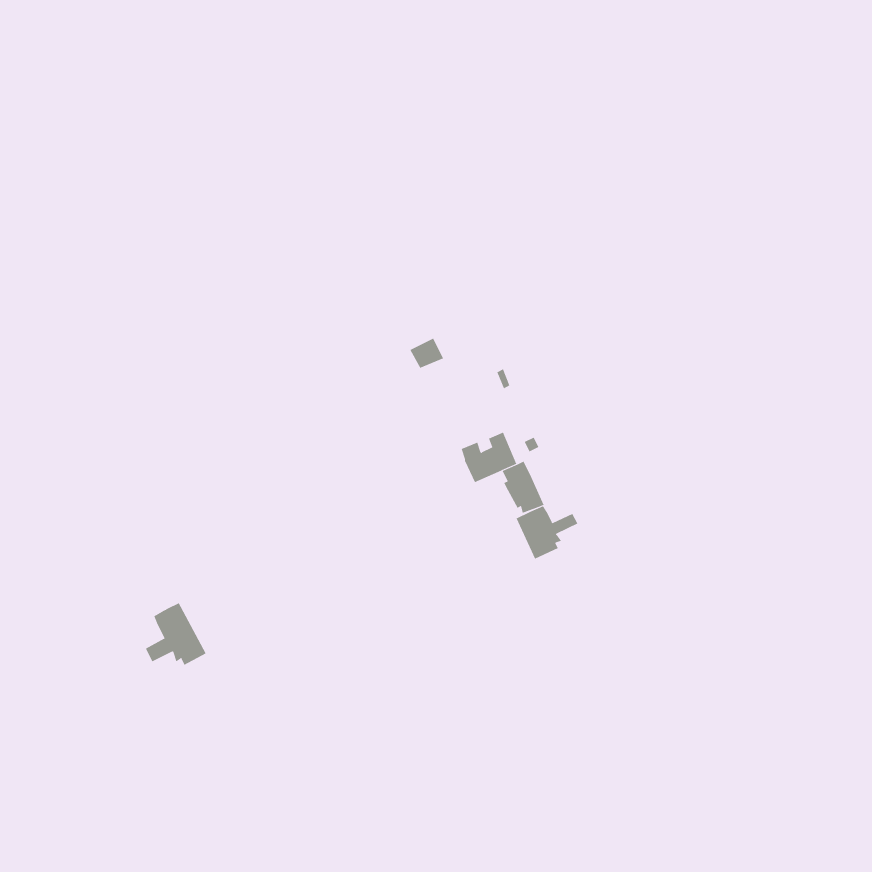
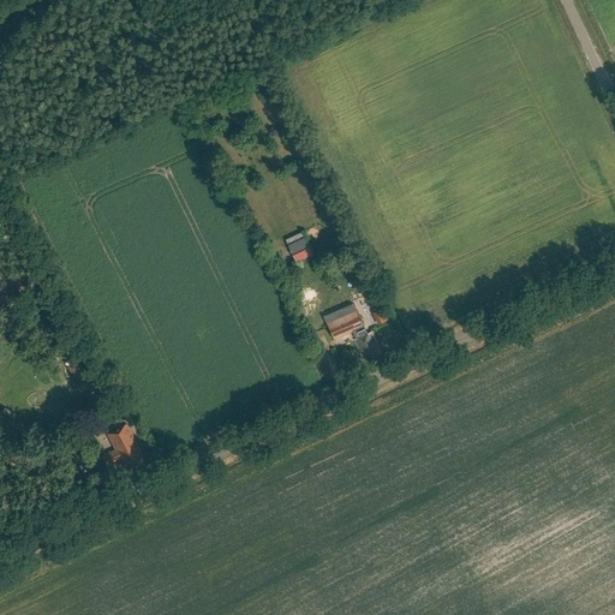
building: [516,506,578,560] -> none

